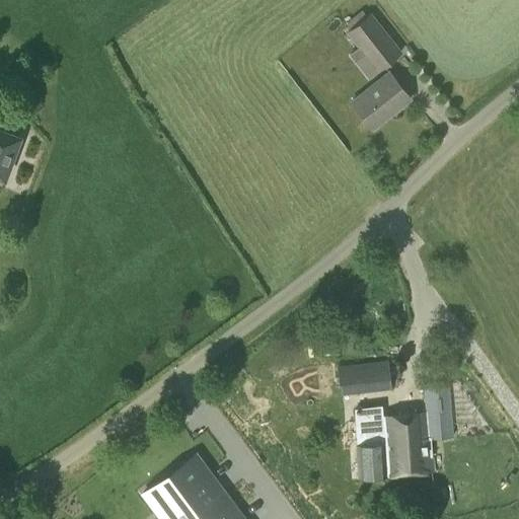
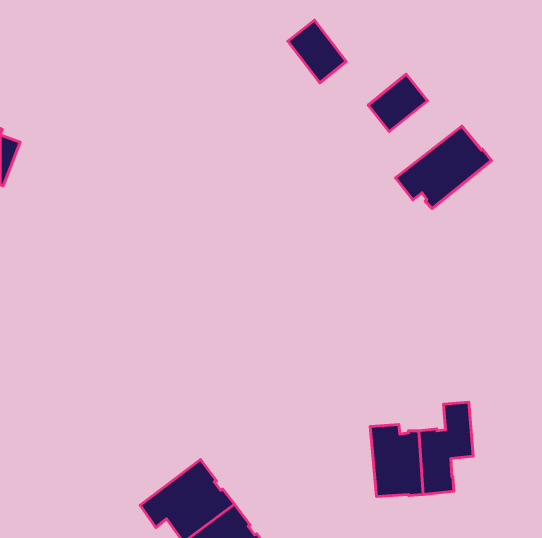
building: [346,16,401,76] -> [288,20,346,83]
building: none -> [396,126,491,209]
building: [338,364,390,397] -> none

